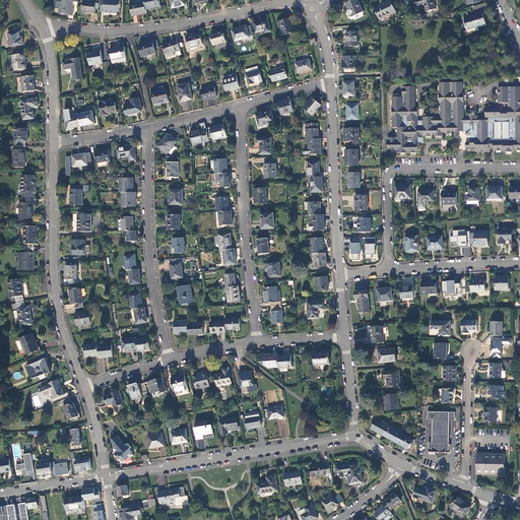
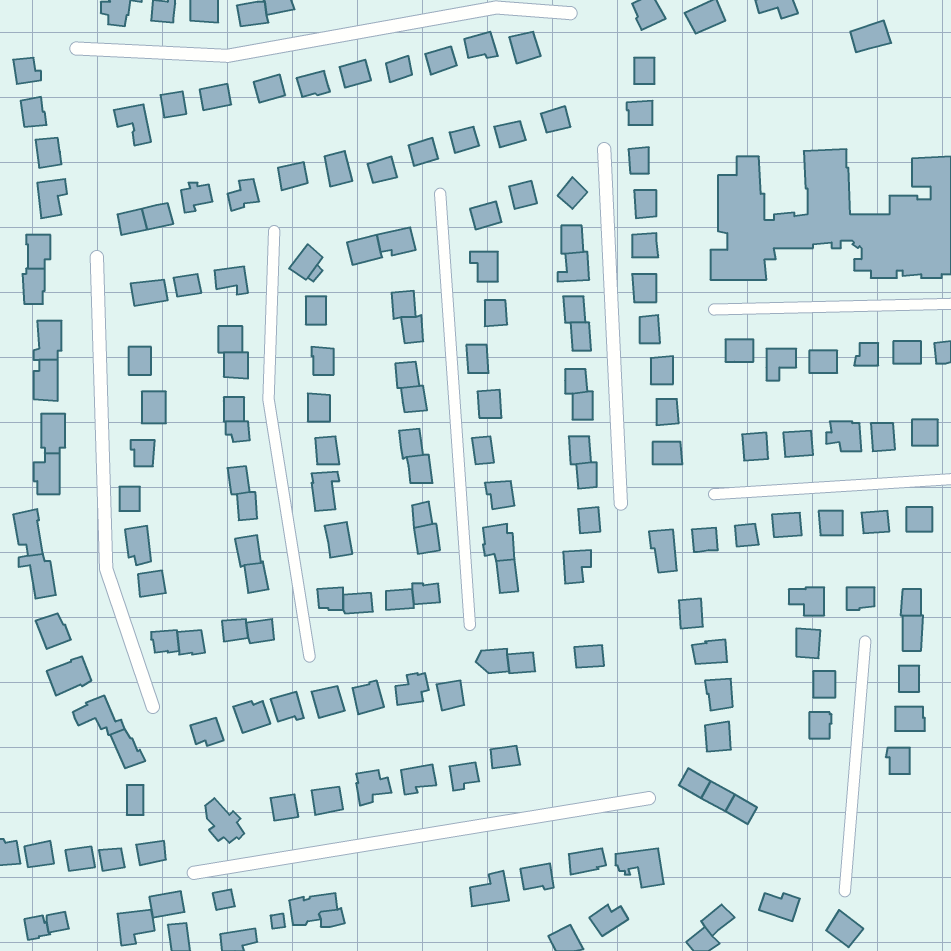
building: [427,411,454,453] -> none
building: [475,452,504,474] -> none

